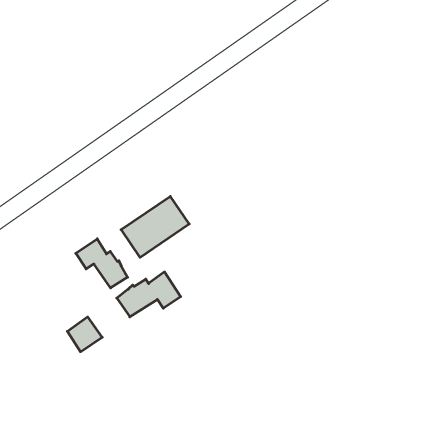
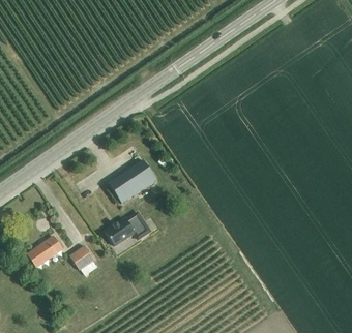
building: [76,239,128,288] -> none
building: none -> [28,236,63,267]

